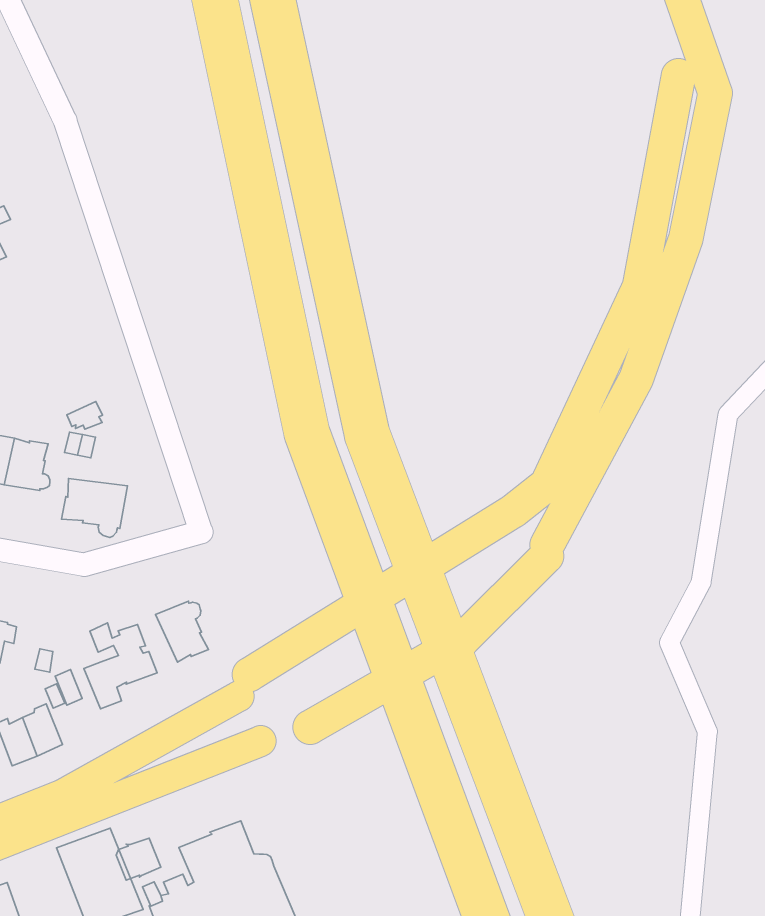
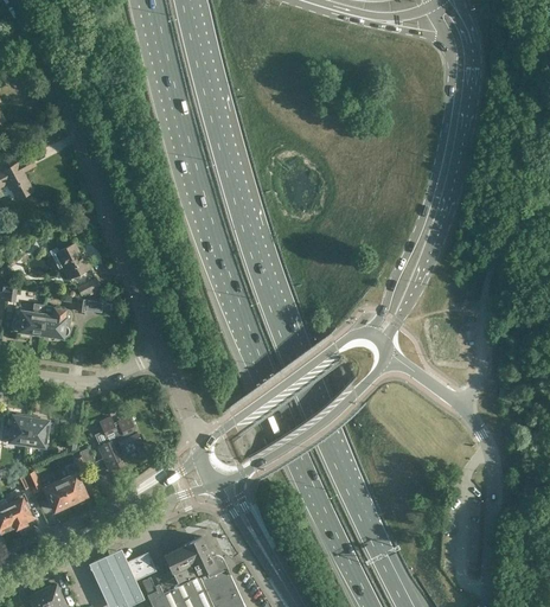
building: none -> [49,243,89,279]
building: [62,478,127,538] -> none
building: [156,601,208,662] -> none

